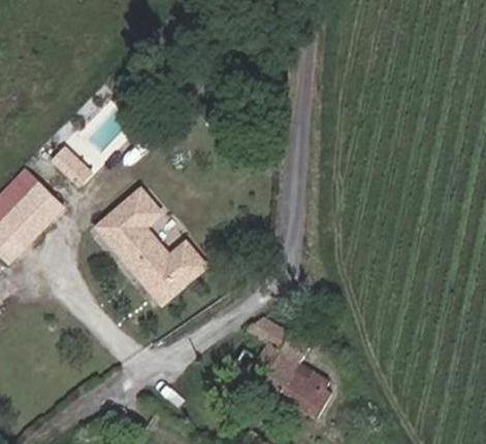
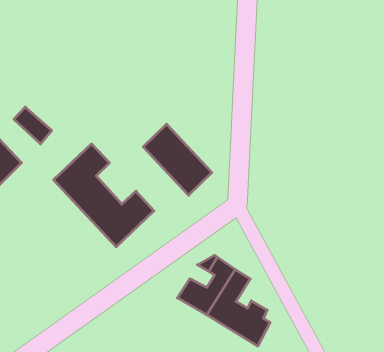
building: none -> [143,124,212,195]

